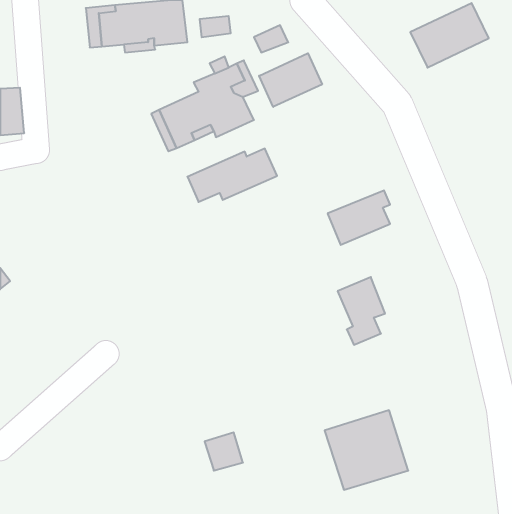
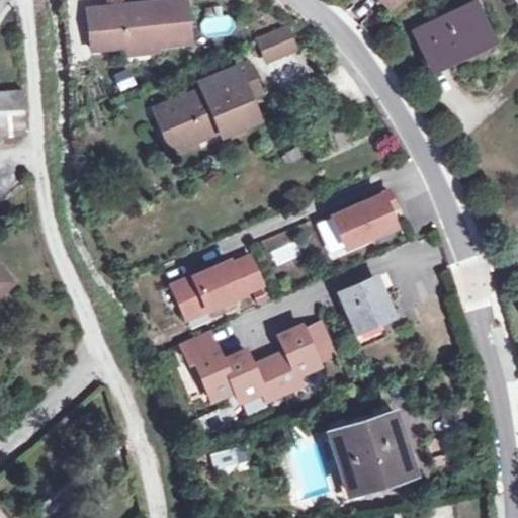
building: [259,53,322,107] -> none
building: [187,149,277,202] -> [172,258,262,312]
building: none -> [188,325,326,399]

